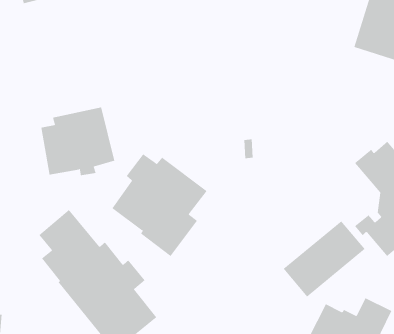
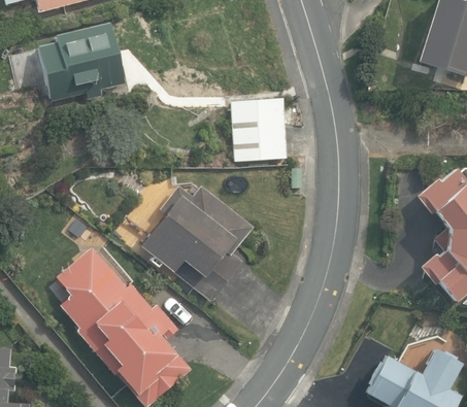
building: none -> [229,98,287,163]
building: [41,107,115,176] -> [41,21,127,100]
building: [283,220,365,297] -> none

